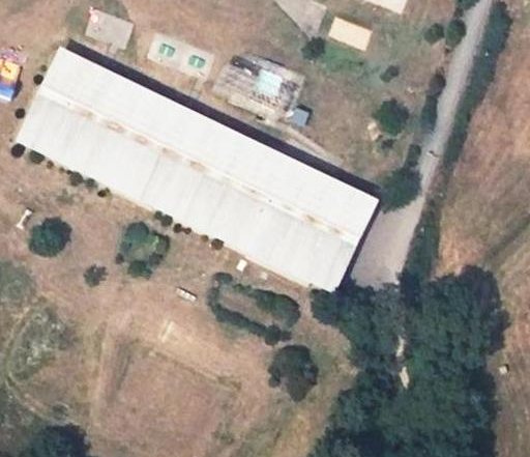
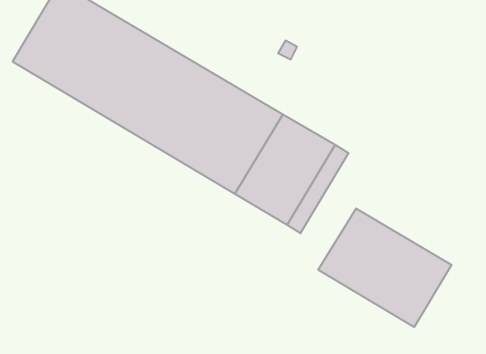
building: none -> [318,208,451,327]

